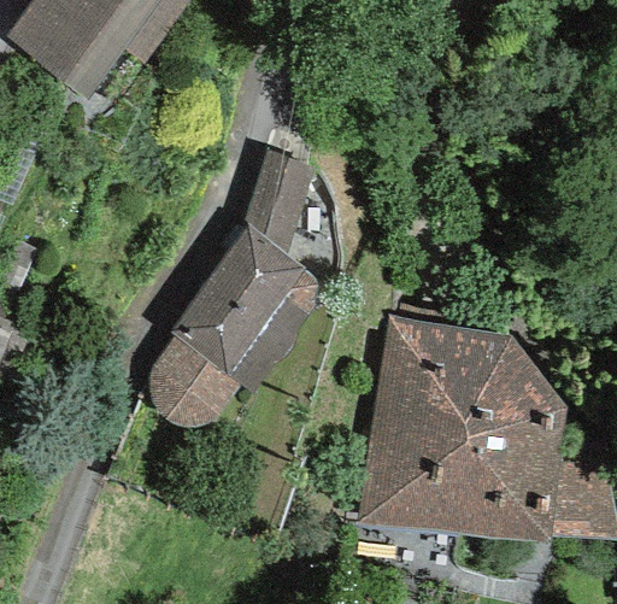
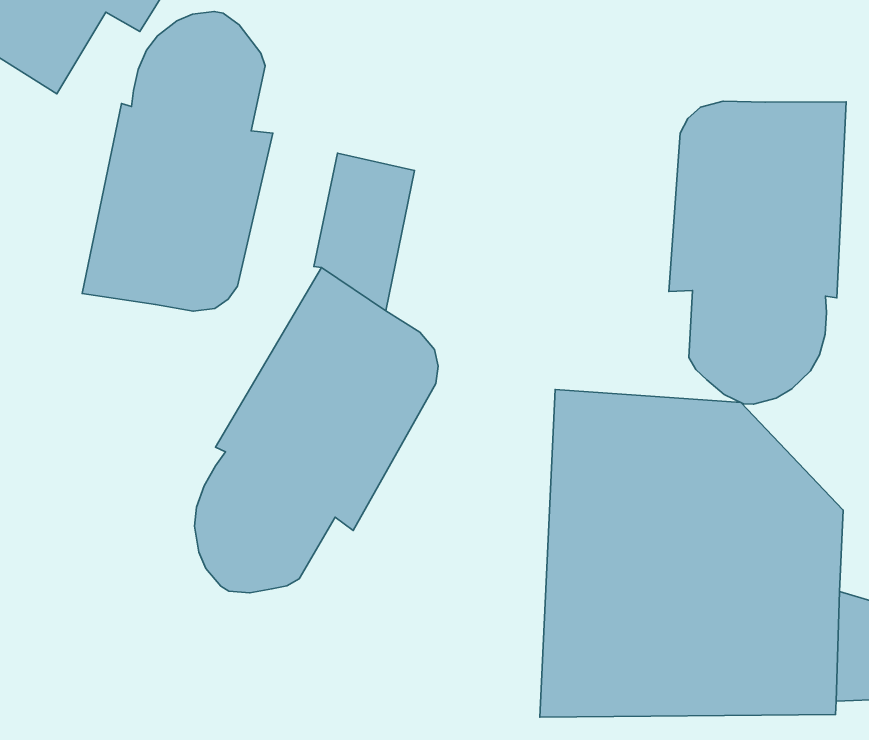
building: none -> [82,11,273,311]
building: none -> [669,101,846,404]

